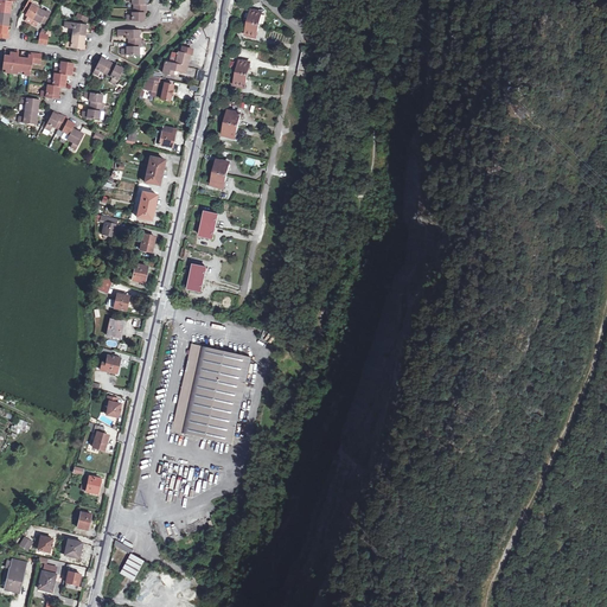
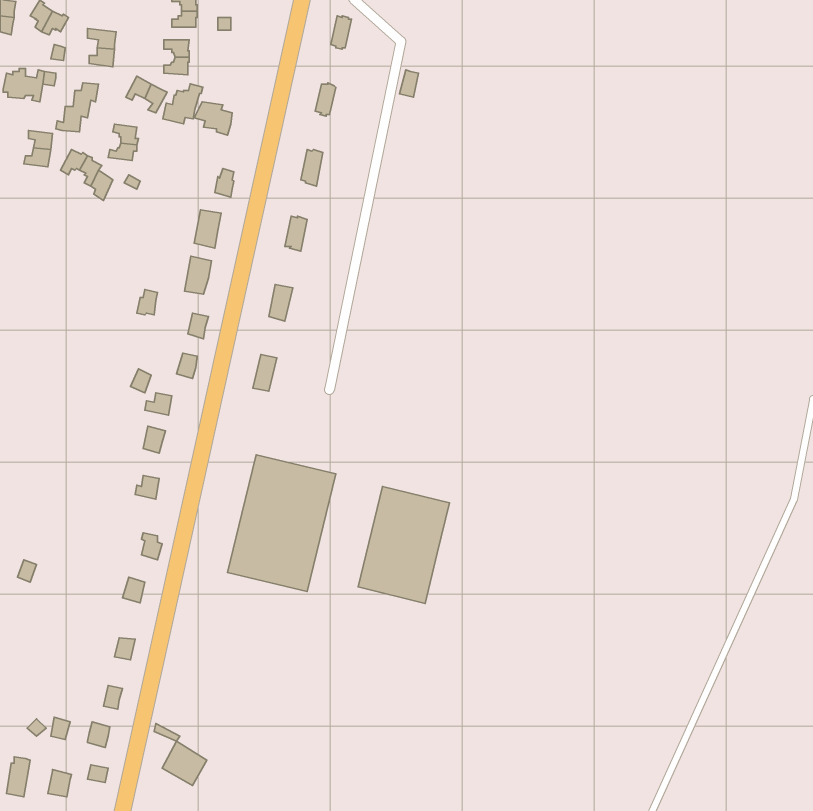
building: [164,47,193,77] -> [163,84,203,124]
building: none -> [358,486,449,603]

